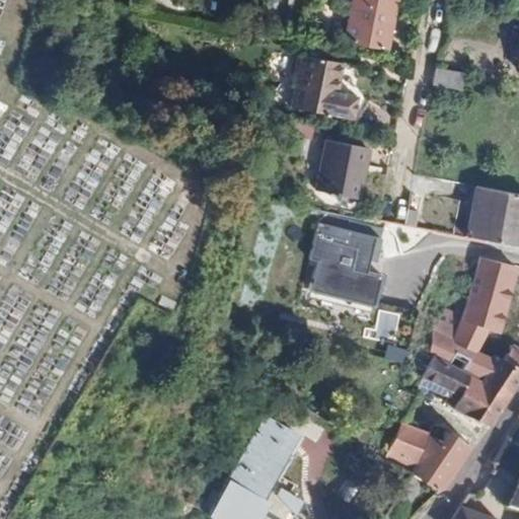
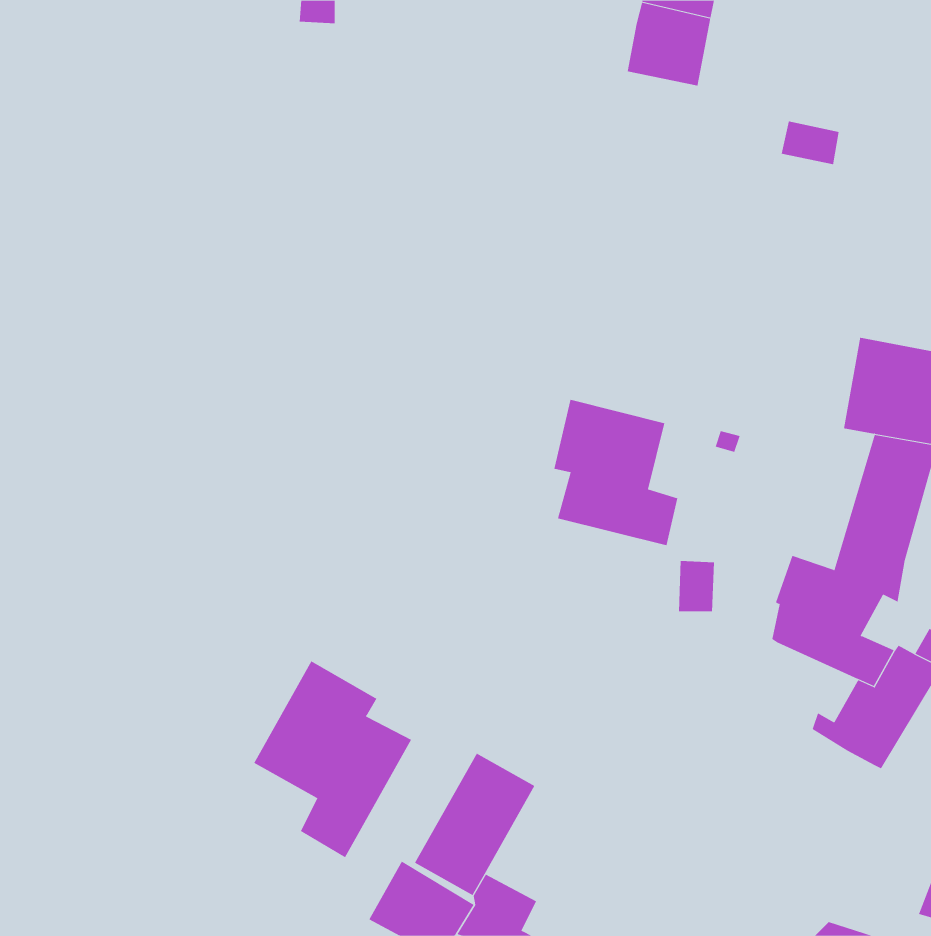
building: [295,56,359,121] -> none
building: [318,137,370,197] -> none
building: [422,356,477,399] -> none
building: none -> [253,660,412,858]
building: [389,423,473,492] -> none

